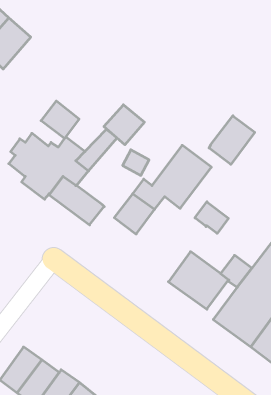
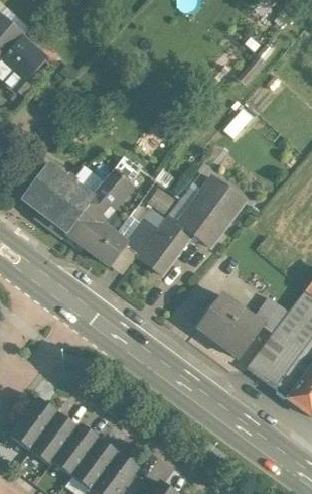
building: [41,101,79,139] -> none
building: [104,105,144,145] -> none
building: [209,116,255,164] -> none
building: none -> [125,217,159,256]
building: [195,202,228,233] -> none

